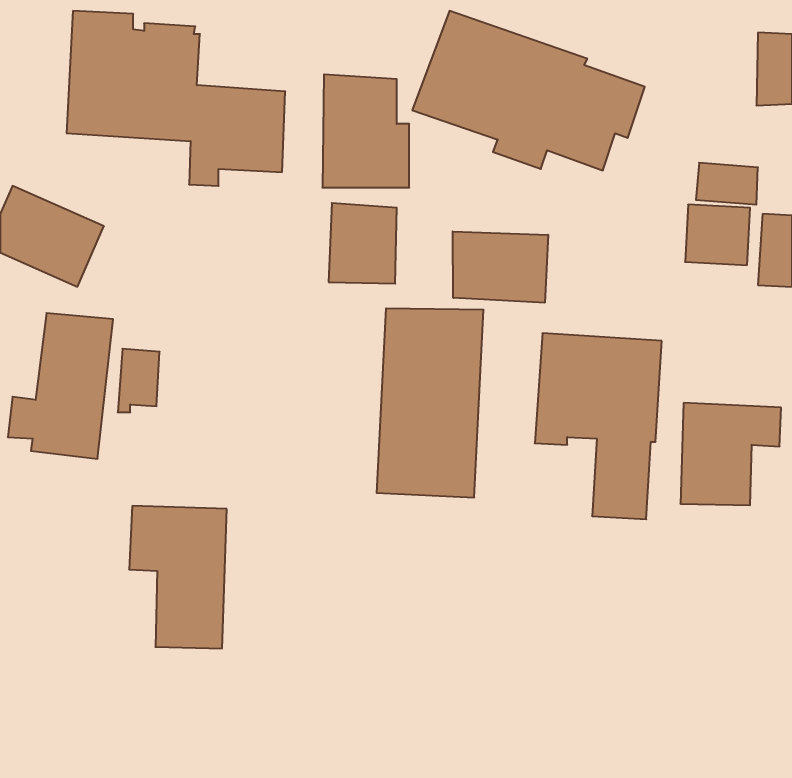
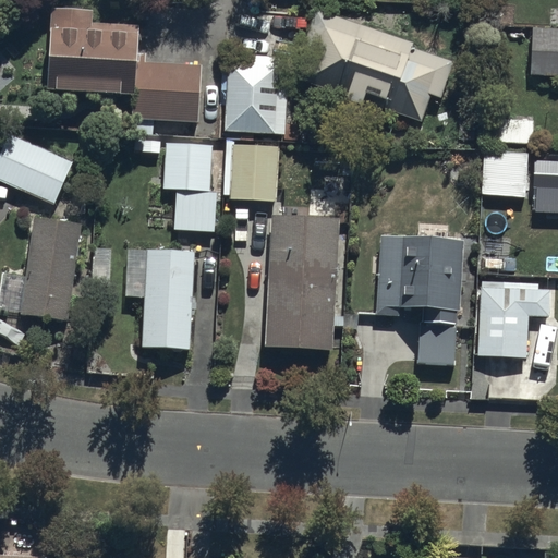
building: none -> [163,136,217,229]
building: [453,231,548,303] -> none
building: [129,506,227,648] -> [125,250,194,350]

